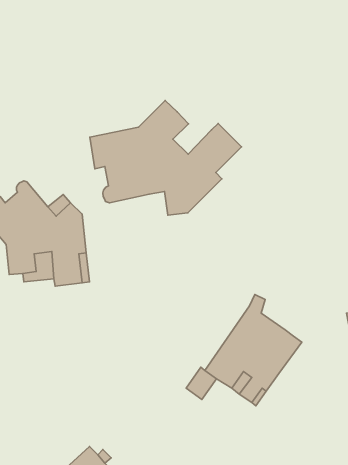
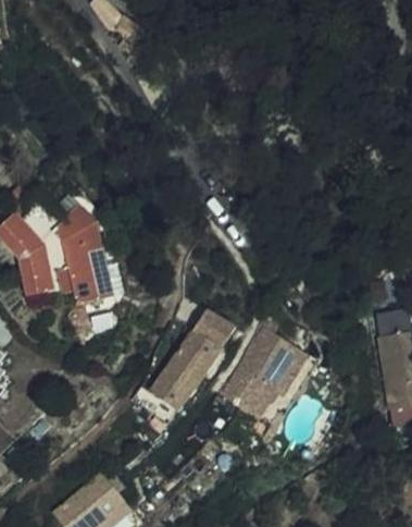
building: [90,101,242,215] -> none
building: none -> [150,310,235,409]

